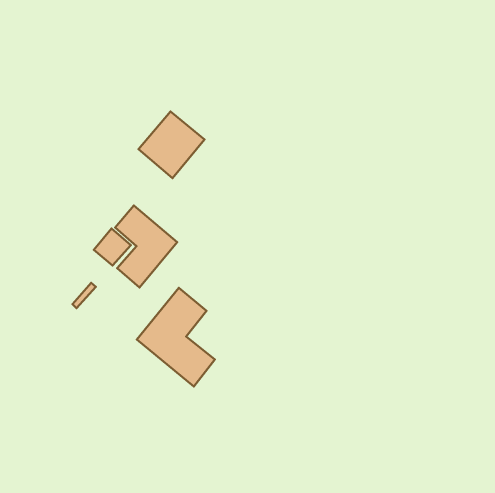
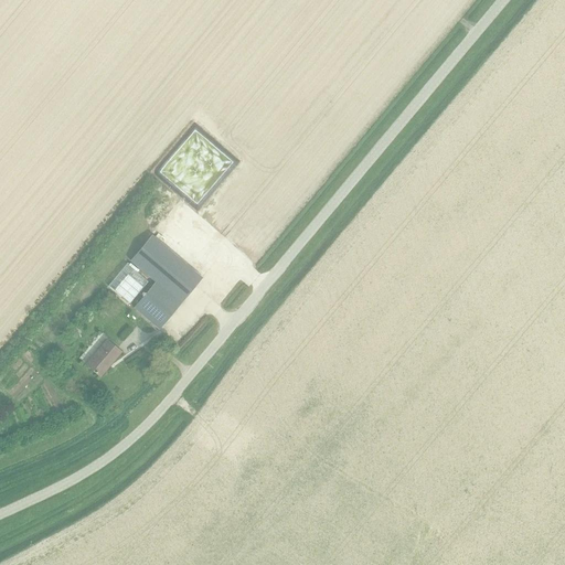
building: [137,288,215,386] -> none
building: none -> [86,339,121,375]

